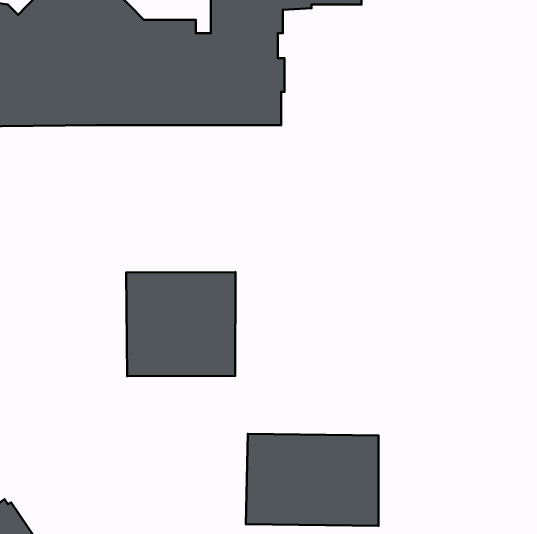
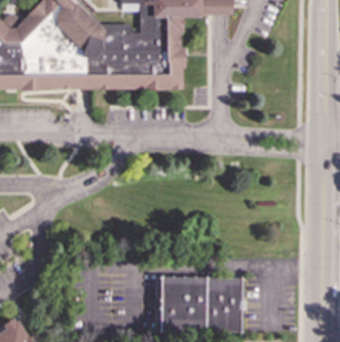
building: [126,272,236,376] -> none

